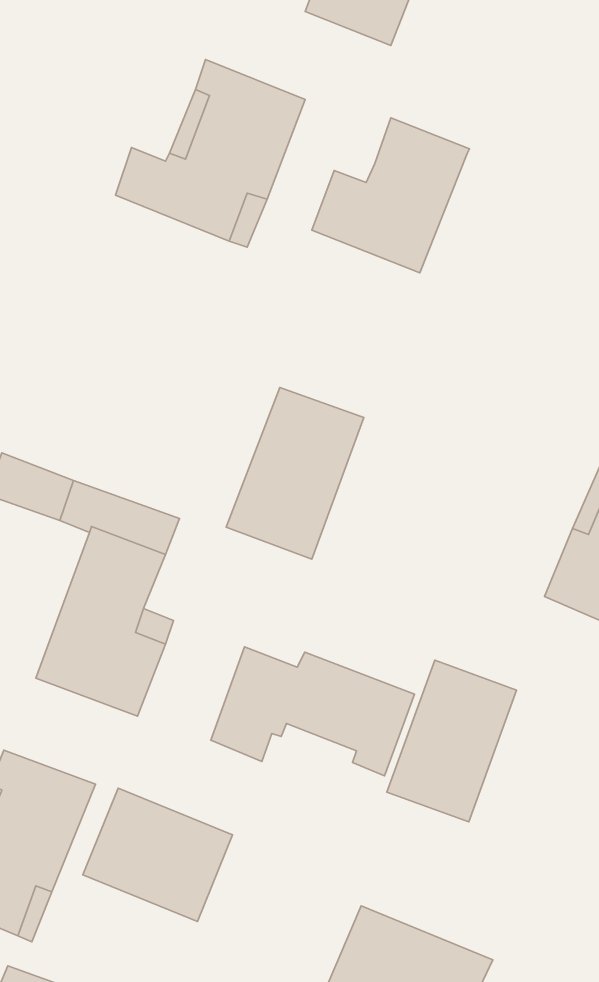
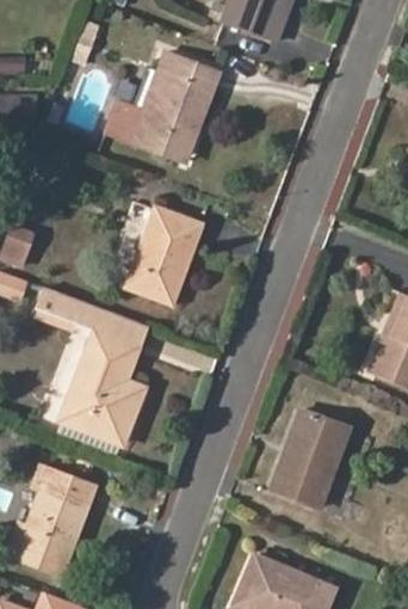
building: [312,118,469,273] -> none
building: [226,387,364,559] -> [122,204,204,307]
building: [211,647,415,776] -> none
building: [83,788,233,922] -> none

